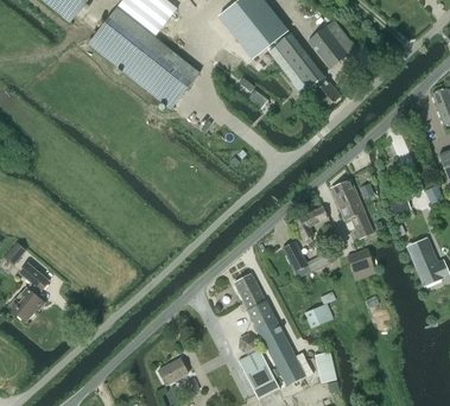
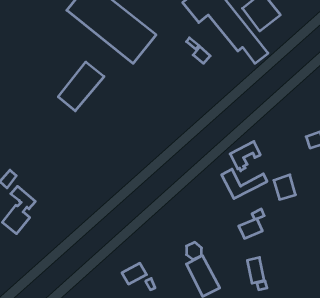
building: none -> [58,62,104,111]
building: [331,178,374,237] -> none
building: [234,272,305,383] -> none

